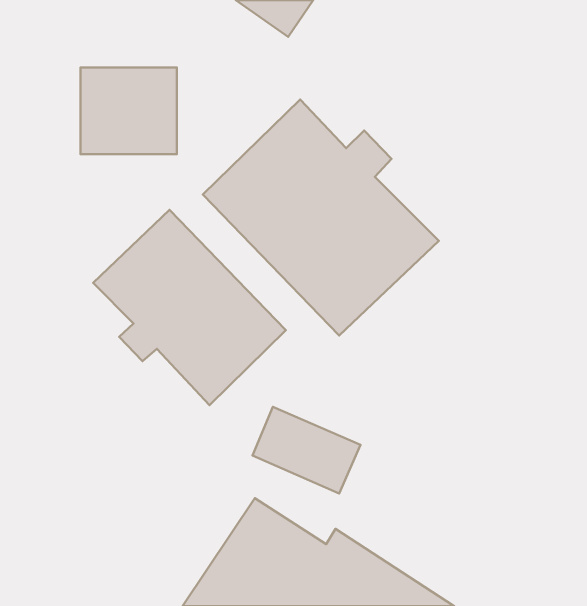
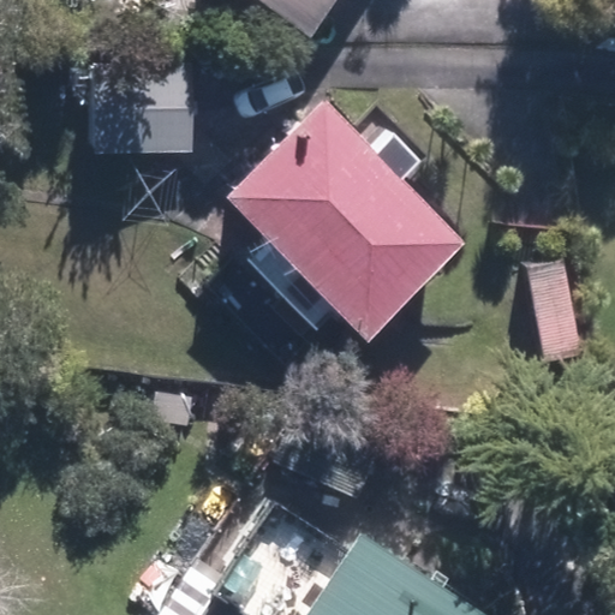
building: [93,210,286,405] -> none

